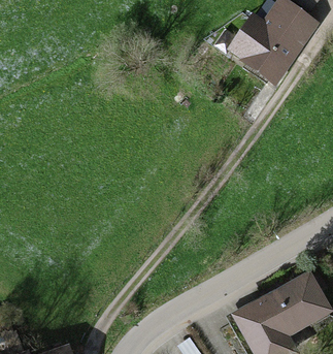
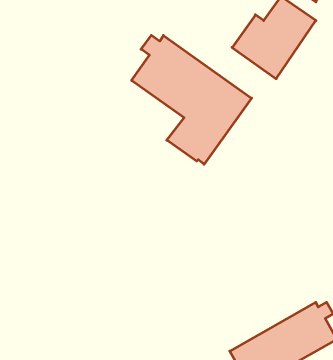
building: none -> [132,35,252,164]

